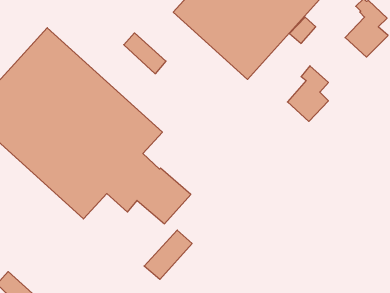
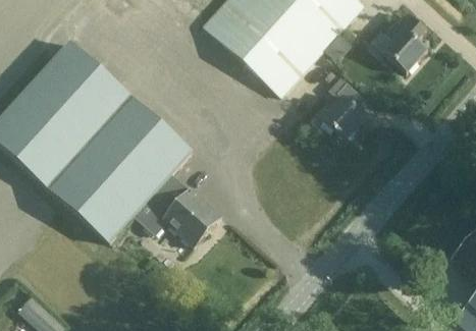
building: [124,33,166,74] -> none
building: [144,230,192,279] -> none

